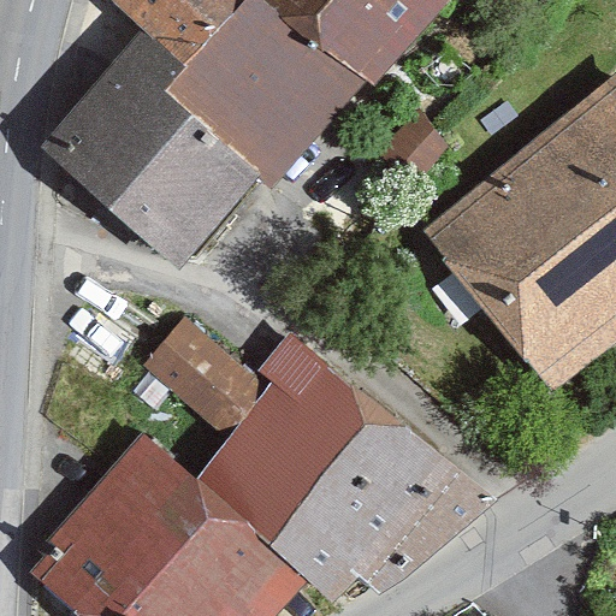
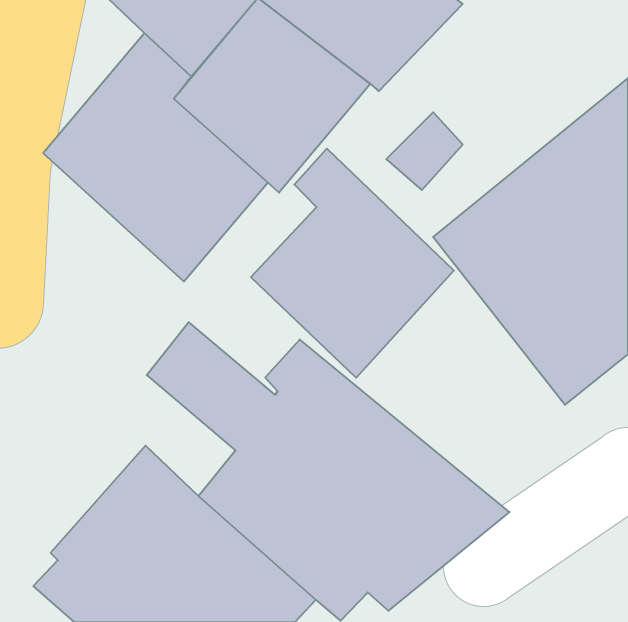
building: none -> [251,149,454,378]

